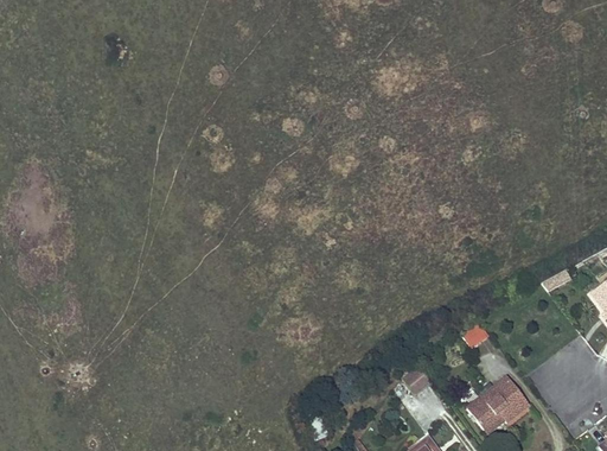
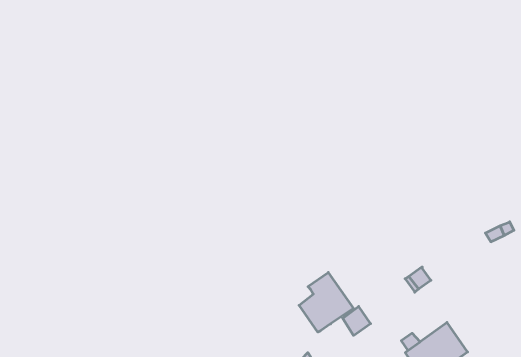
building: none -> [299,272,354,332]

